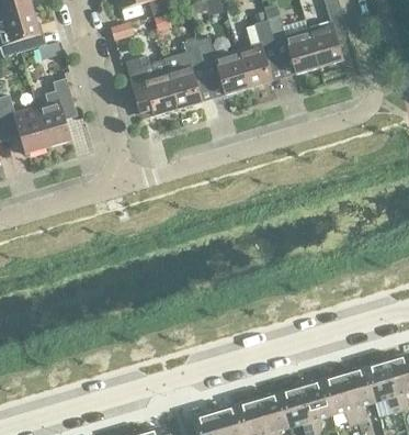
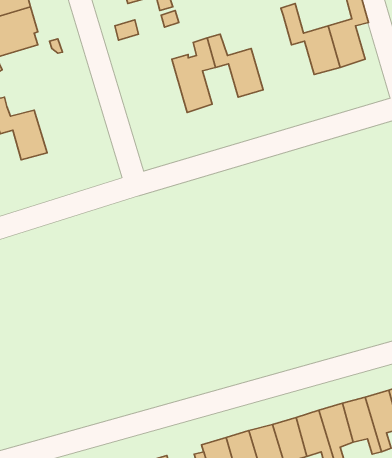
building: [237,19,274,88] -> none
building: [125,57,178,115] -> none
building: [36,77,75,146] -> none

